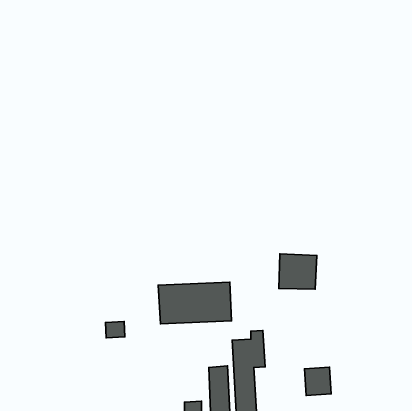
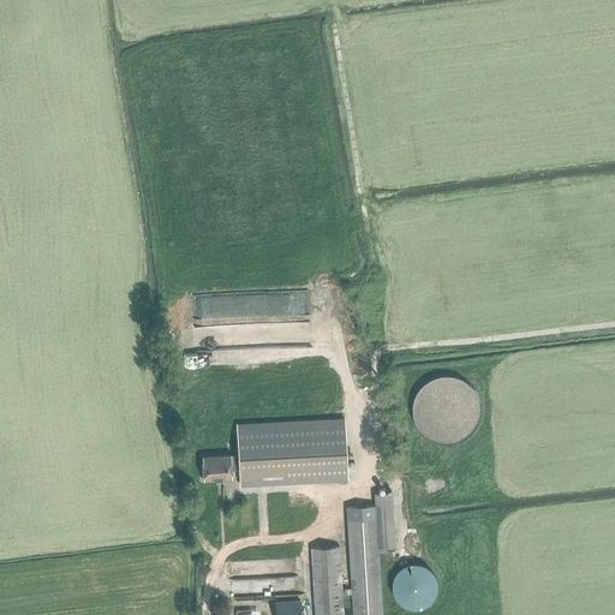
building: [105,322,125,338] -> [202,456,231,480]
building: [305,367,331,395] -> [394,563,434,605]

